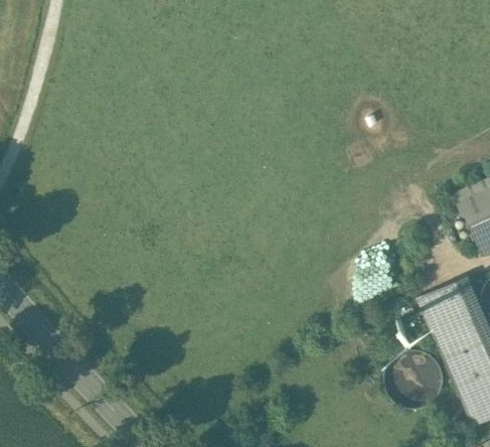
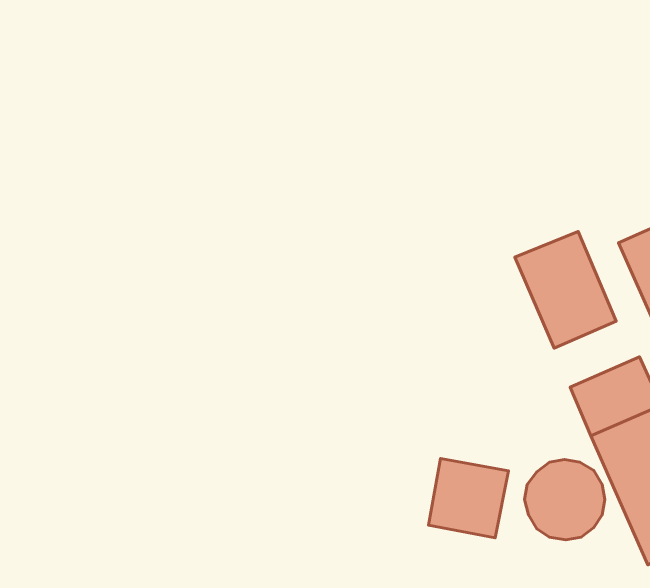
building: none -> [515,231,616,348]
building: none -> [429,459,508,538]

